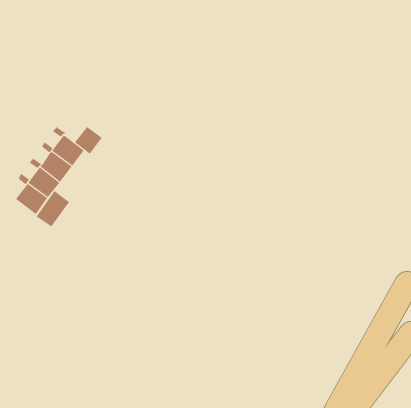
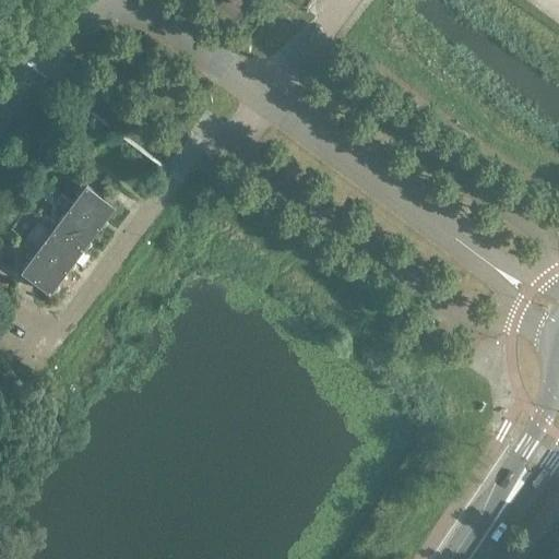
building: [74,126,102,155] -> none
building: [36,190,70,228] -> none

